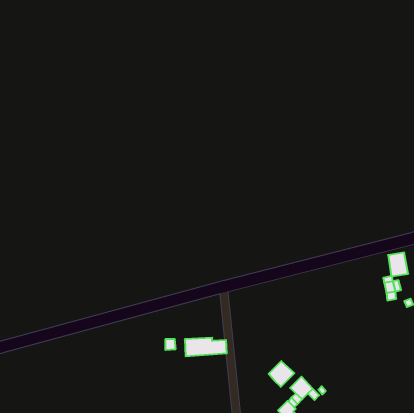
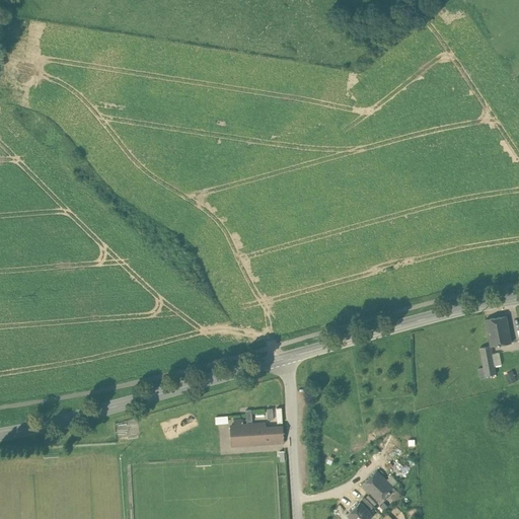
building: [269,361,294,387] -> none

